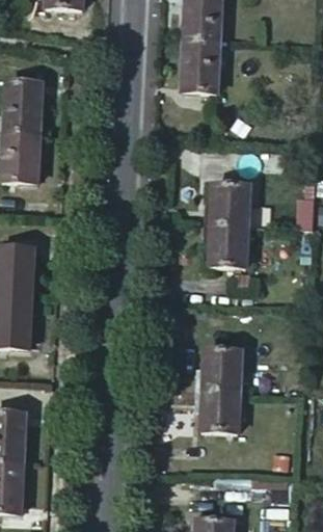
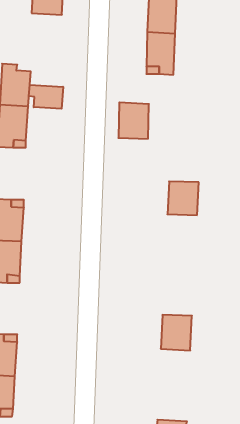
building: none -> [29,85,63,109]
building: [212,180,249,224] -> [118,102,149,139]
building: [204,345,242,389] -> none

